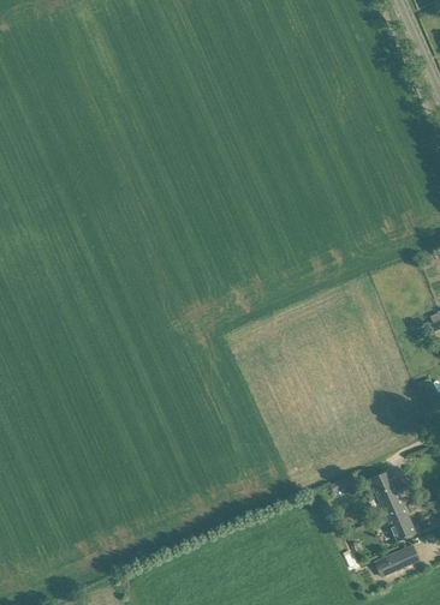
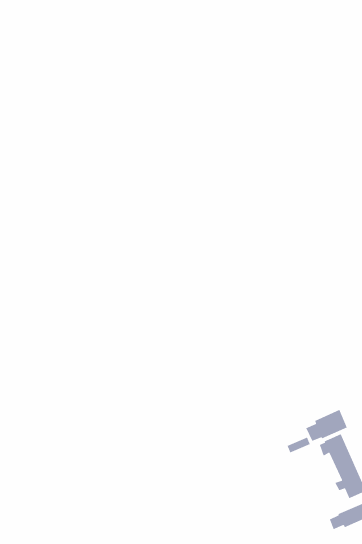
building: none -> [305,409,348,442]

